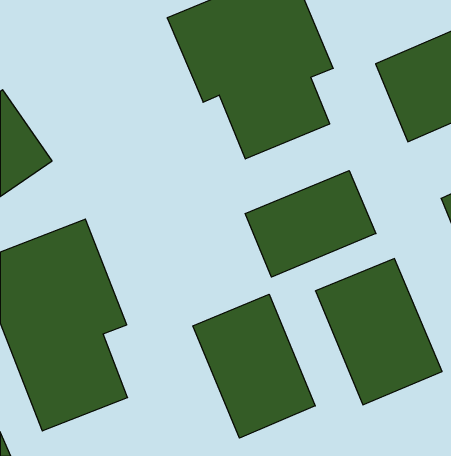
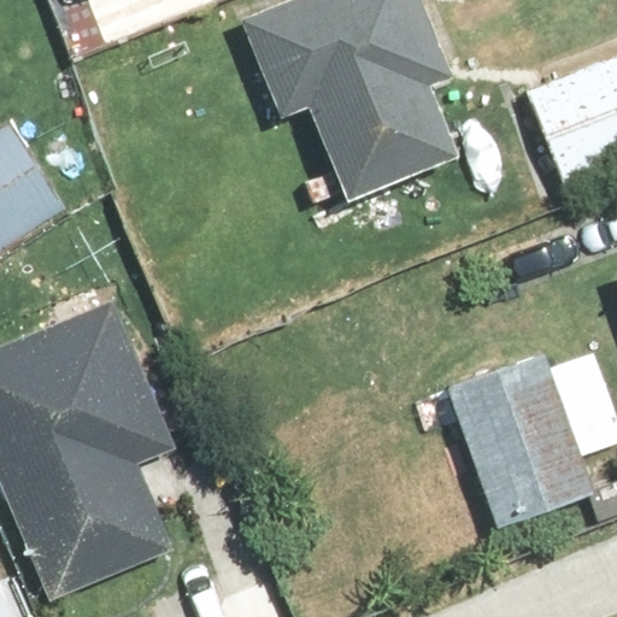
building: [245,171,376,277] -> none
building: [193,294,315,438] -> none

